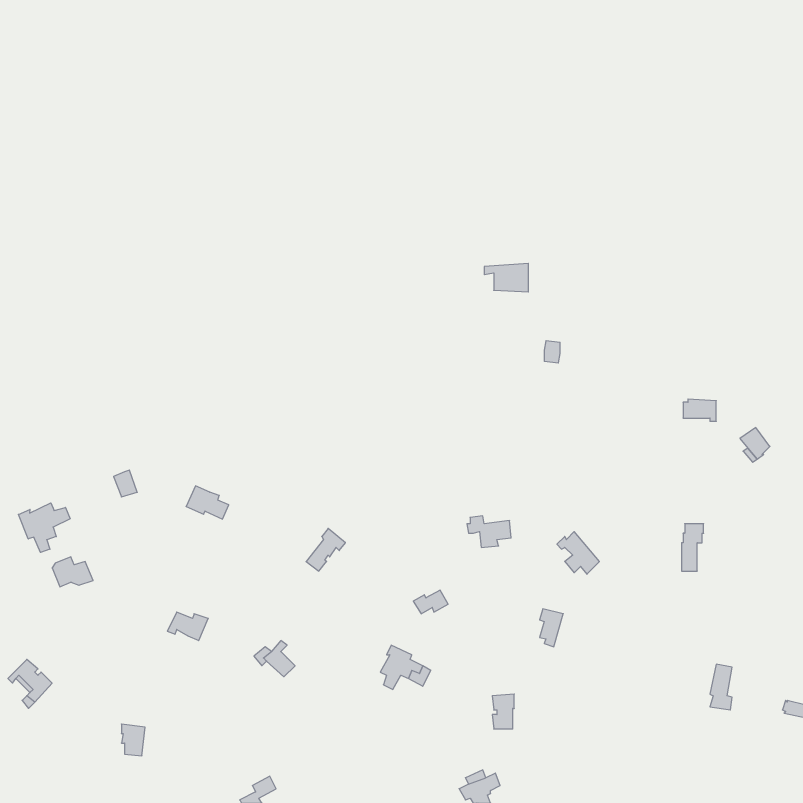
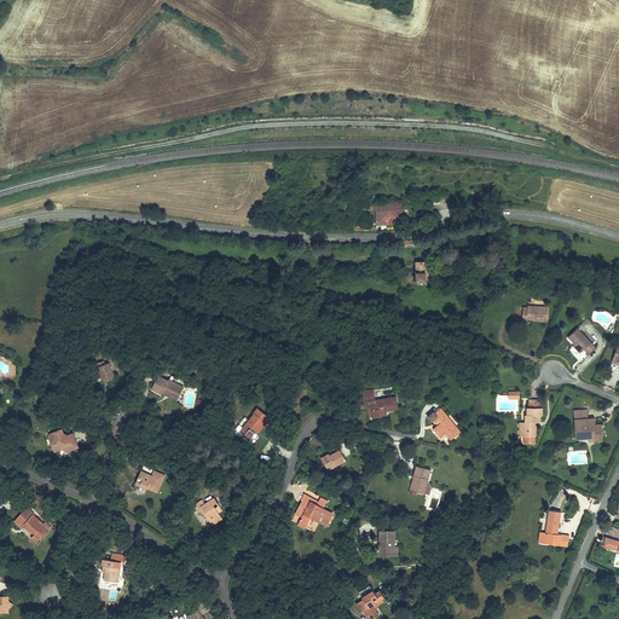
building: [18,503,70,552] -> none
building: none -> [574,411,607,444]

